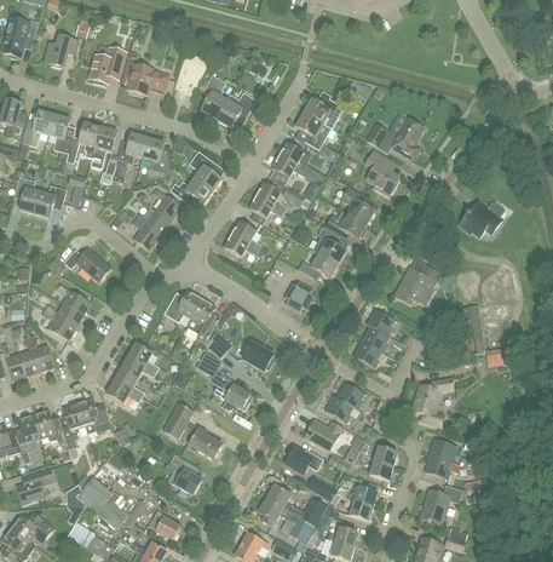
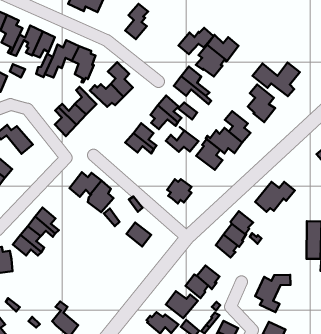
building: [215,92,257,127] -> [178,28,214,54]
building: [298,250,338,280] -> [166,127,199,152]
building: [198,352,249,409] -> none
building: [162,402,221,459] -> none

